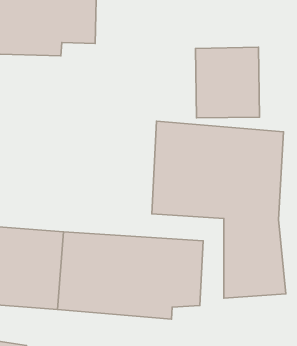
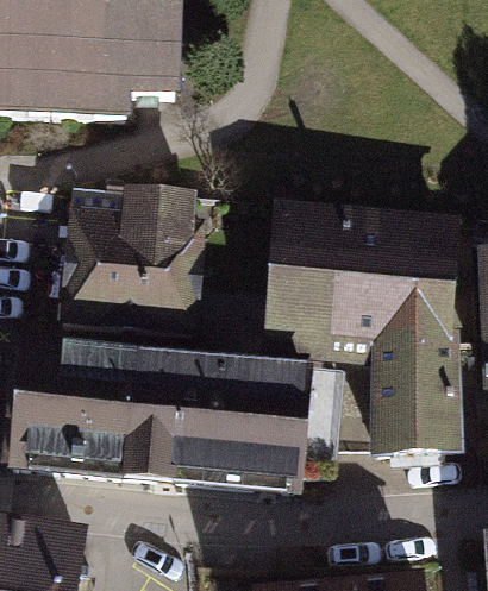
building: [195,47,260,118] -> none
building: none -> [68,187,209,321]

